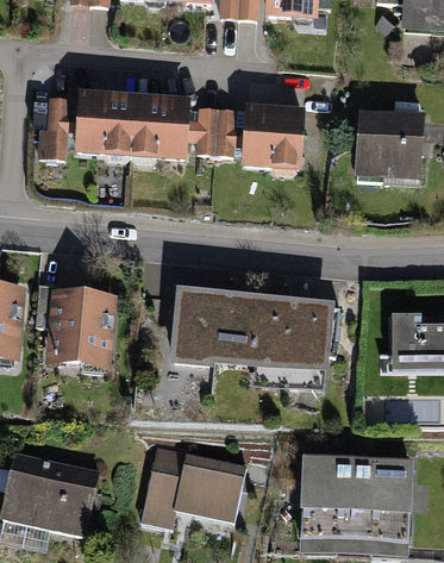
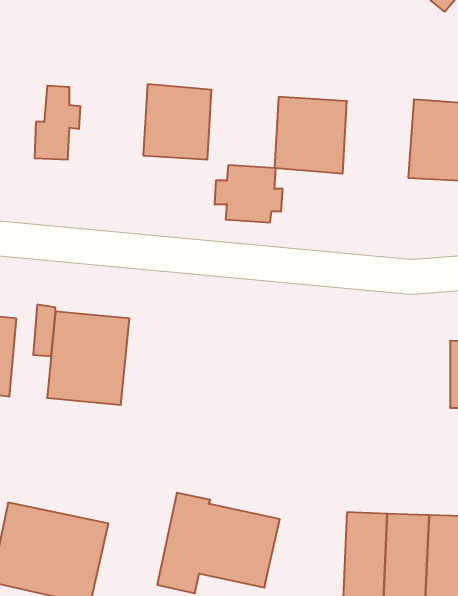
building: [74,90,133,155] -> none
building: [186,106,244,155] -> [214,165,283,222]
building: [168,283,337,394] -> none

